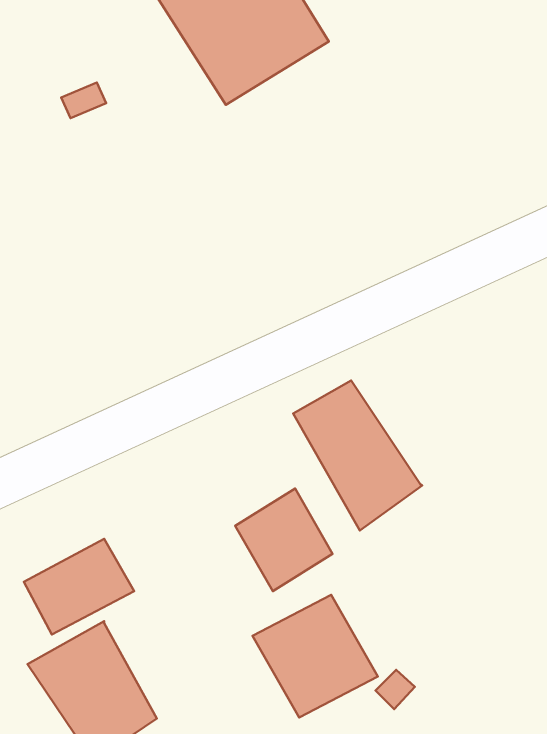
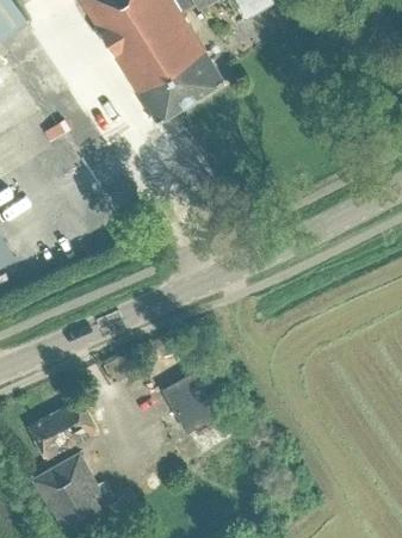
building: [293,381,422,531] -> none
building: [252,595,378,718] -> none

